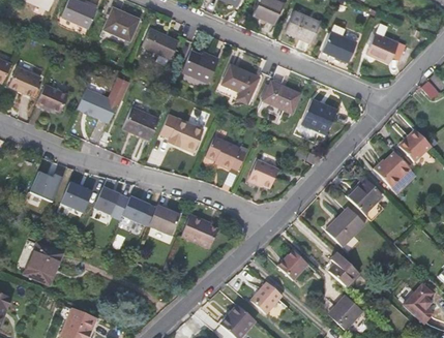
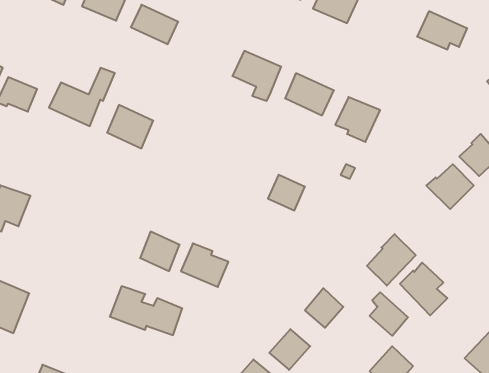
building: [321,30,356,61] -> none
building: [181,50,218,82] -> none
building: [169,117,203,151] -> none
building: [205,136,245,170] -> none
building: [59,180,93,213] -> none
building: [347,180,384,221] -> [400,263,447,315]
building: [93,185,150,223] -> [110,286,182,335]

